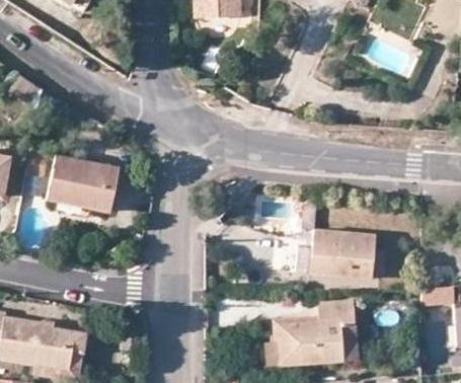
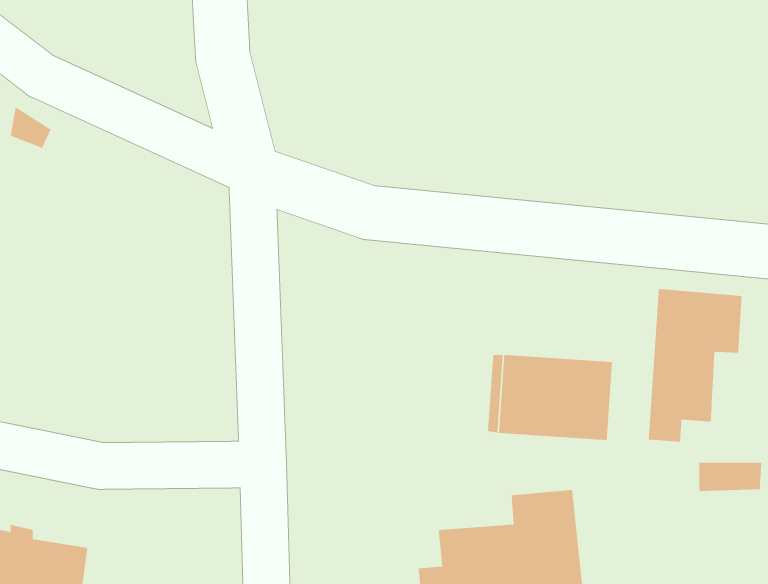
building: [47,151,116,209] -> none
building: none -> [648,288,742,442]

